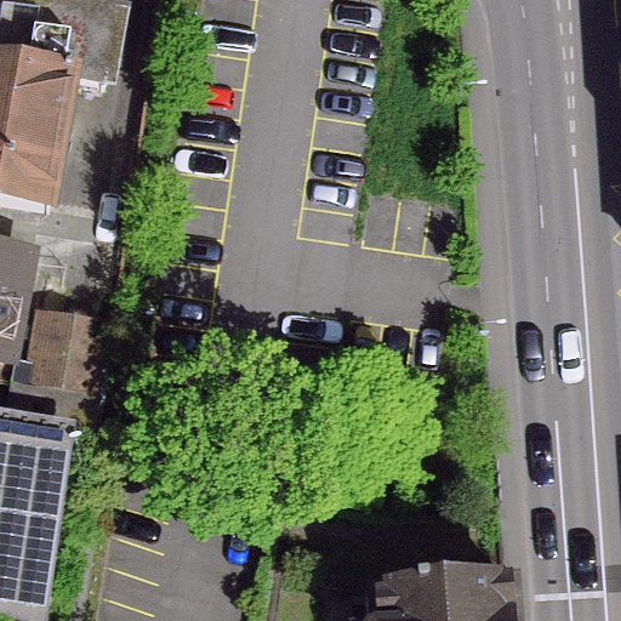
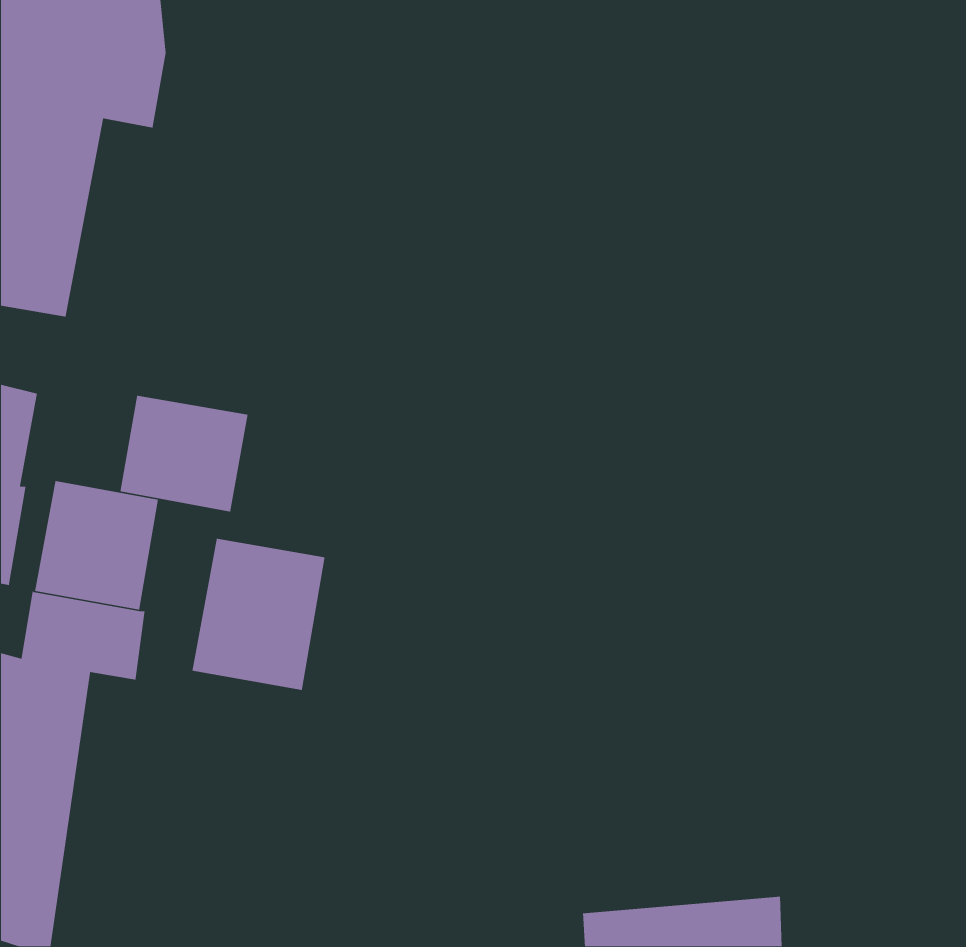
building: none -> [120,395,248,513]
building: none -> [191,538,326,691]

